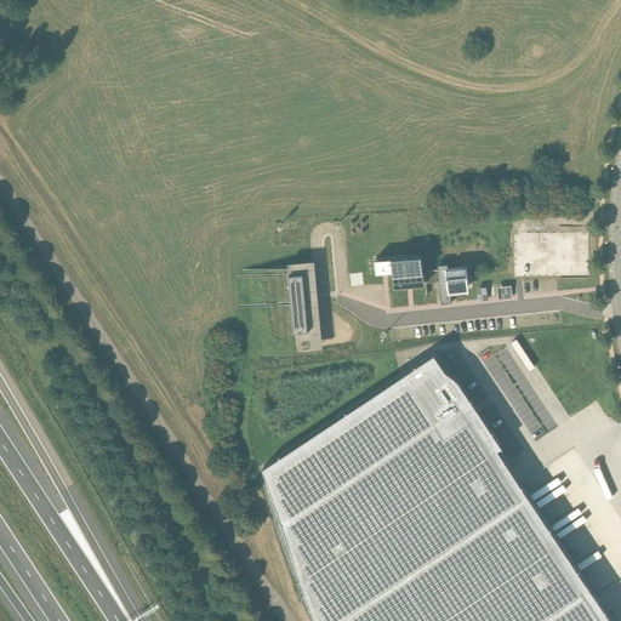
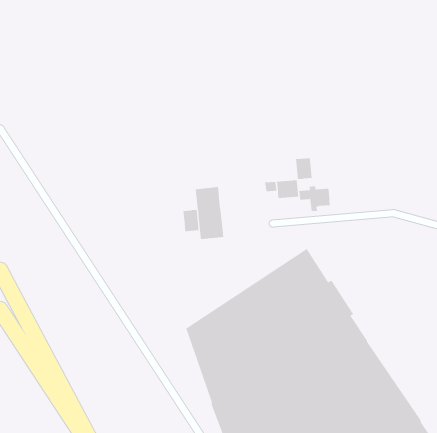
building: none -> [295,157,312,180]
building: none -> [183,209,199,232]

